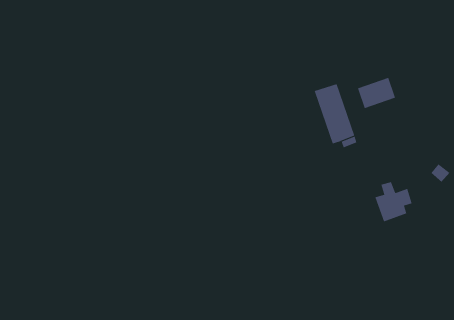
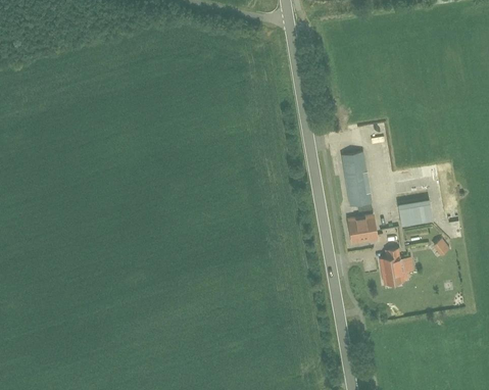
building: [357,77,396,109] -> [398,201,431,226]
building: none -> [346,217,375,245]

